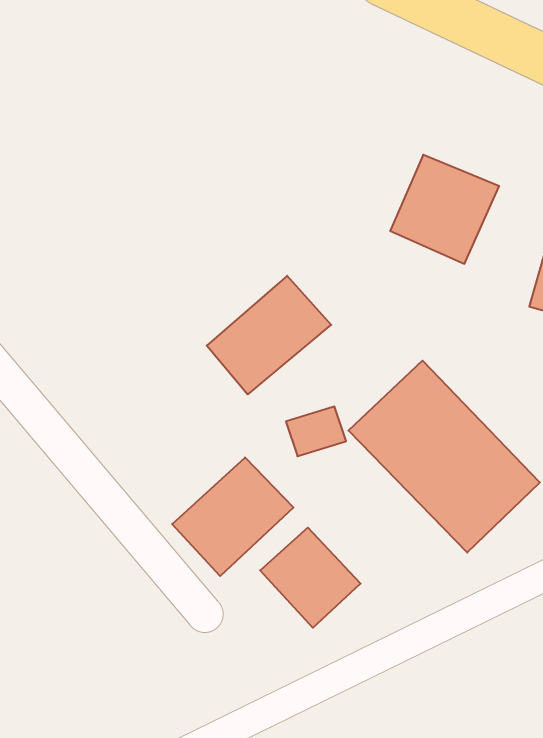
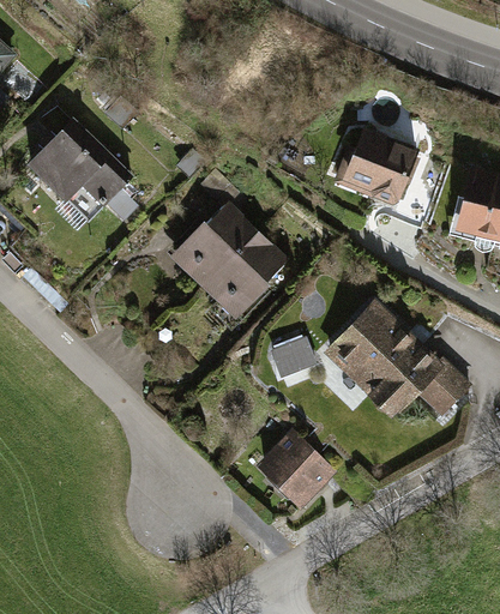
building: none -> [35,128,128,206]
building: none -> [159,189,259,289]
building: [172,457,293,576] -> none

